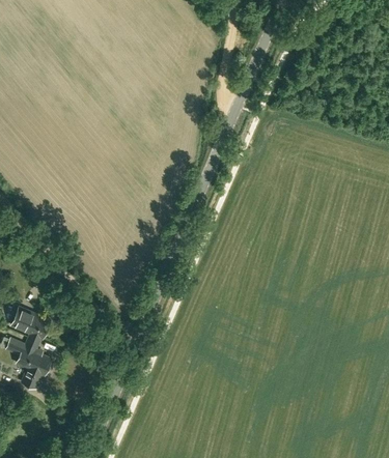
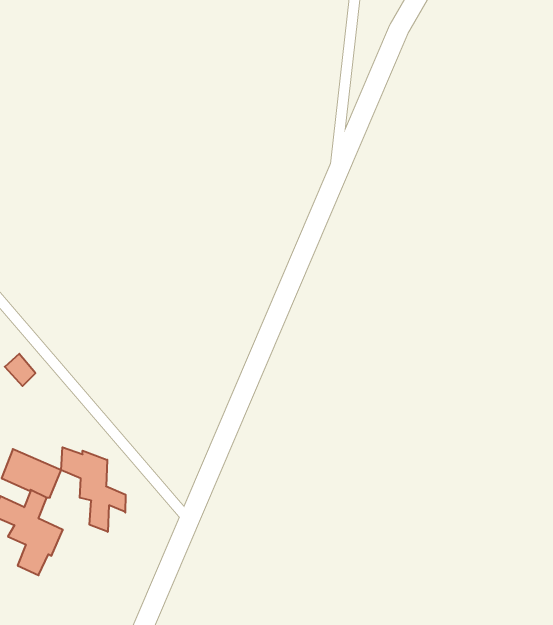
building: none -> [61,447,126,532]

